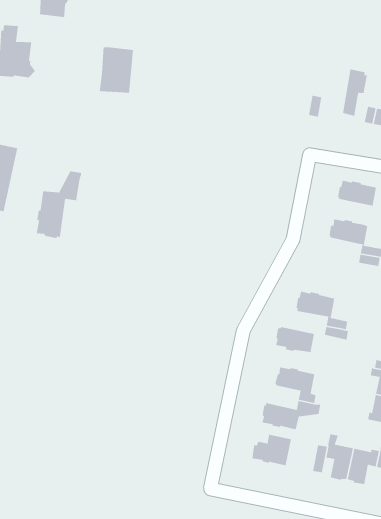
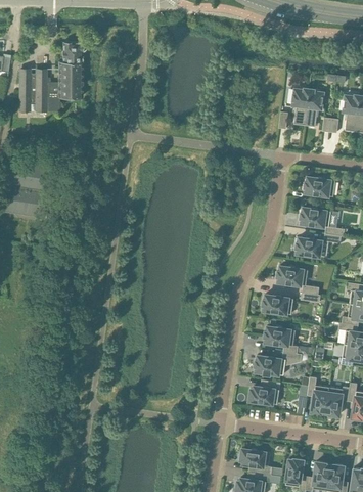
building: [99,46,134,94] -> [57,61,83,97]
building: none -> [292,88,309,125]
building: [36,170,82,239] -> none
building: none -> [297,237,322,257]

